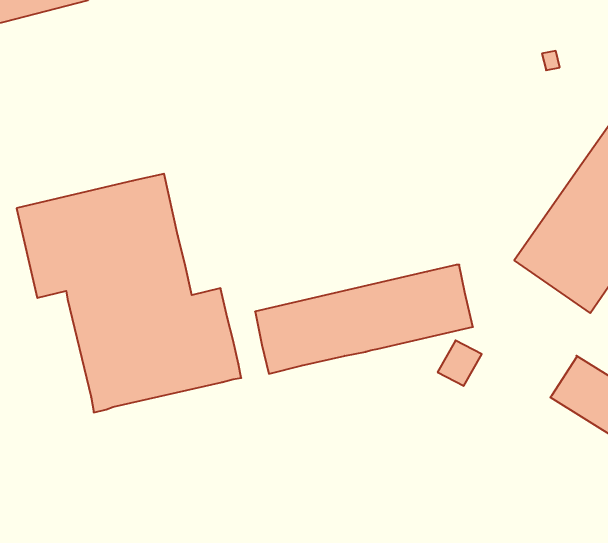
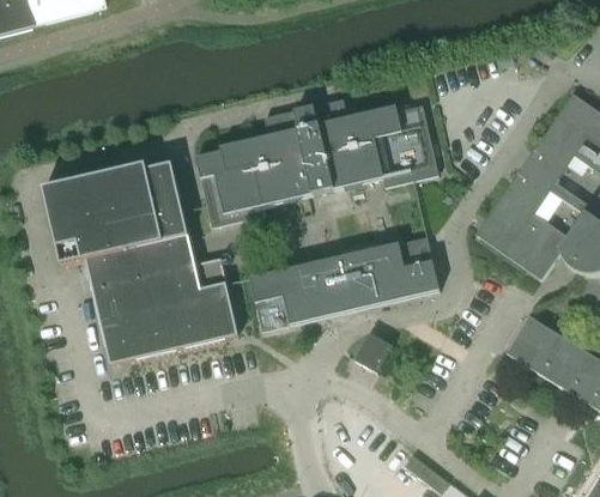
building: none -> [196,98,438,226]
building: [438,340,482,386] -> [354,332,393,371]

